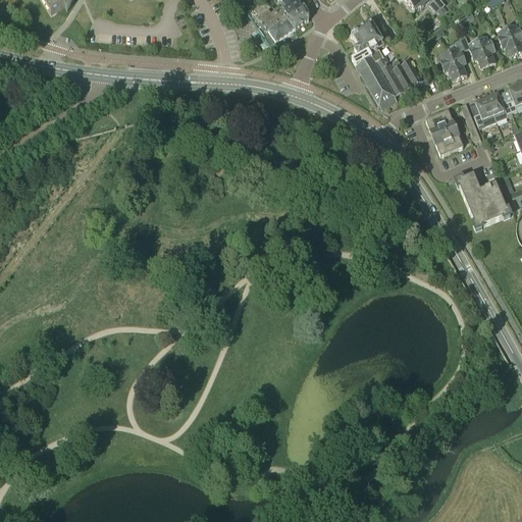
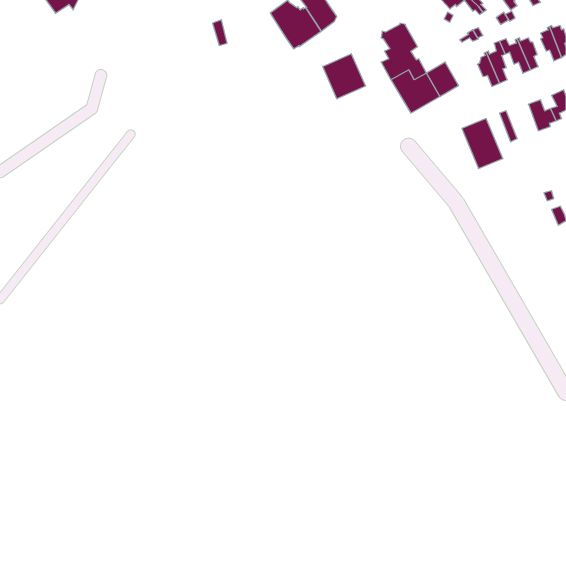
building: none -> [323,54,365,99]
building: [473,96,495,124] -> none
building: [455,173,510,228] -> none

